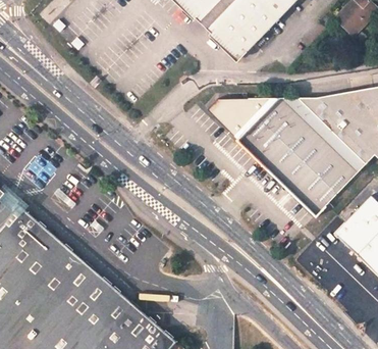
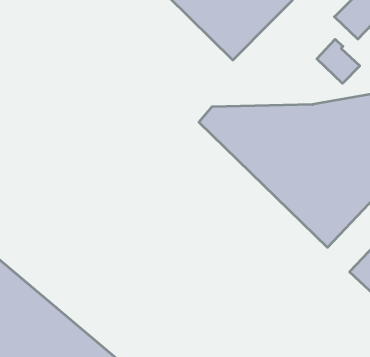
building: none -> [317,39,360,83]

